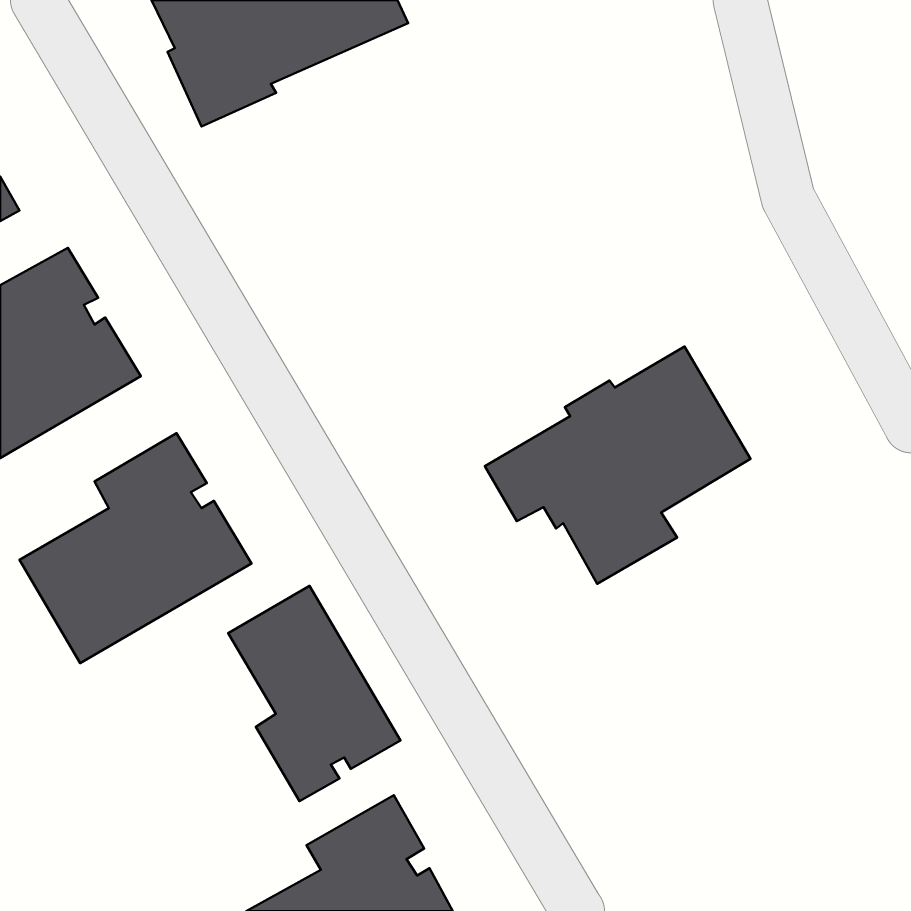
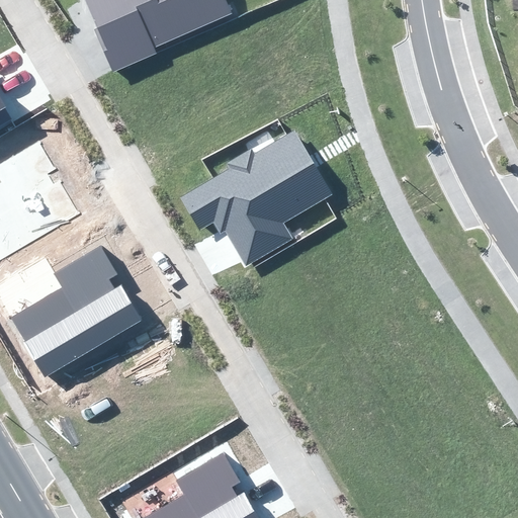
building: [485,347,750,584] -> [181,130,332,264]
building: [228,586,401,801] -> none

